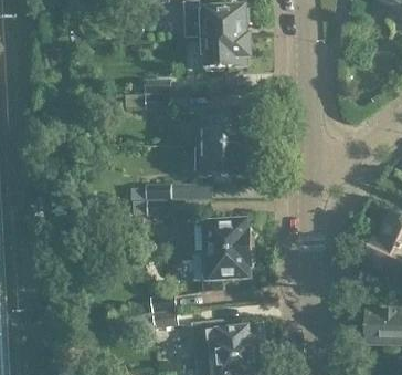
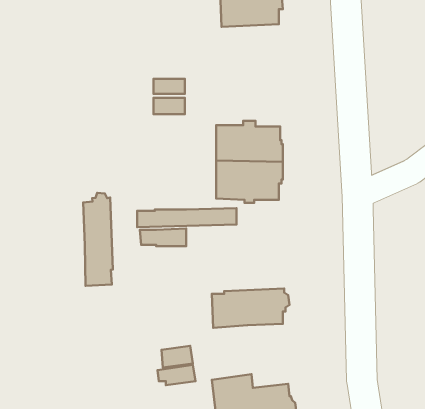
building: [198,33,248,69] -> none
building: none -> [83,193,113,286]
building: [199,219,252,250] -> none

